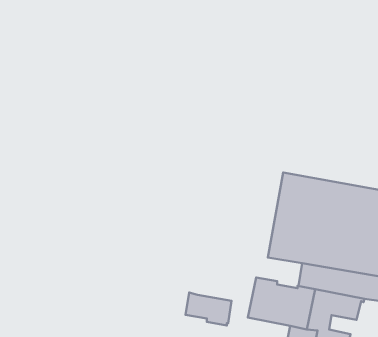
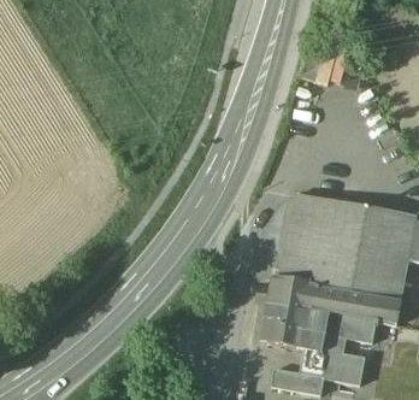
building: [186,292,232,326] -> [268,277,315,311]

